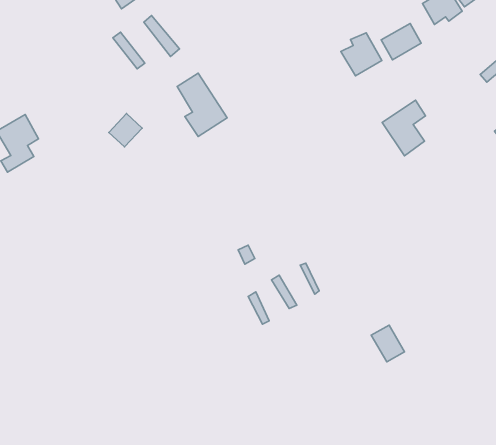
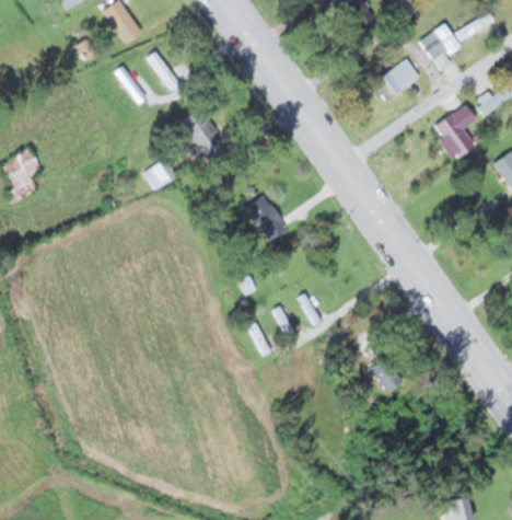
building: [341,33,382,76] -> none
building: [382,100,425,156] -> [432,105,475,160]
building: [109,114,142,147] -> [143,158,176,190]
building: none -> [244,195,286,243]

